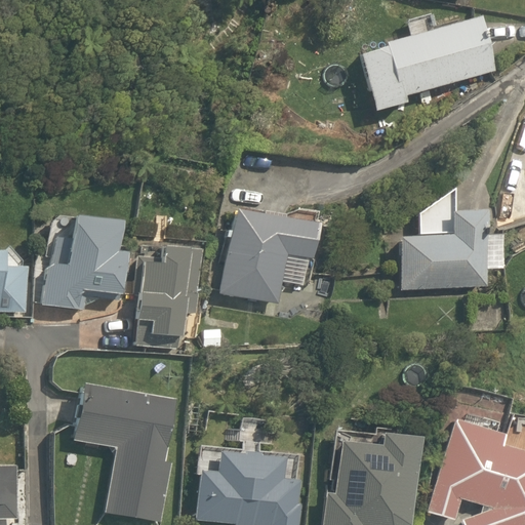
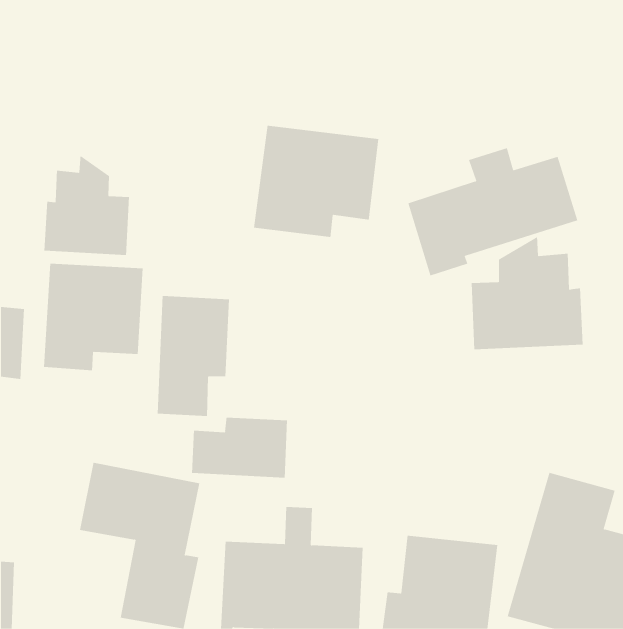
building: [357,7,498,114] -> [407,148,578,276]
building: none -> [44,155,129,256]
building: [216,208,321,301] -> [253,125,379,238]
building: none -> [191,417,287,478]

